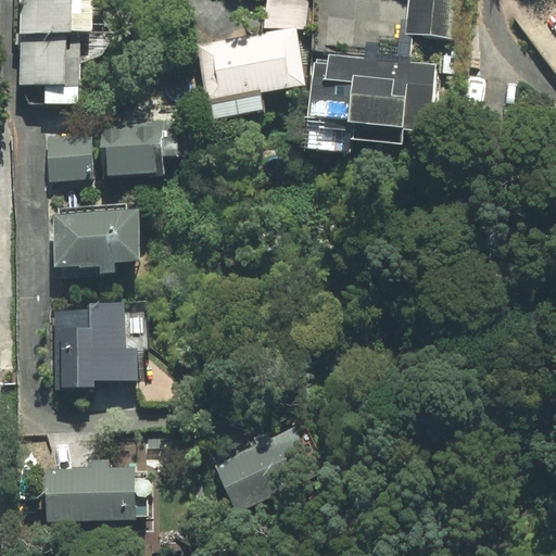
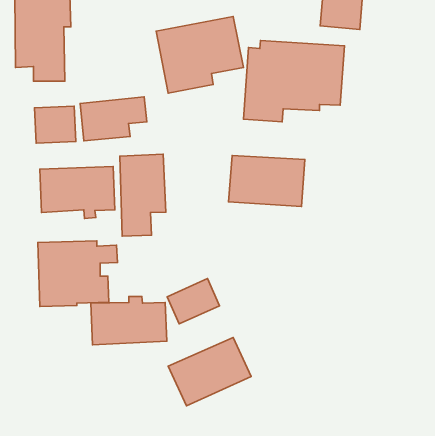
building: none -> [120,154,166,236]
building: none -> [228,155,305,207]
building: none -> [167,279,219,324]
building: [45,458,140,519] -> [91,296,167,345]

